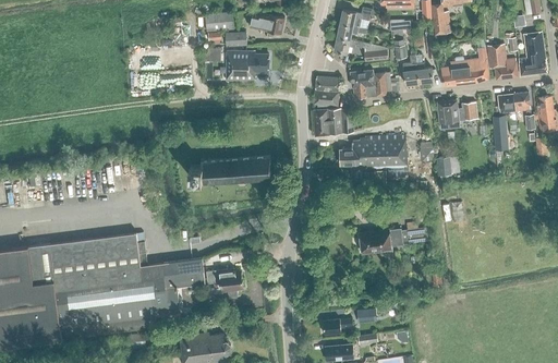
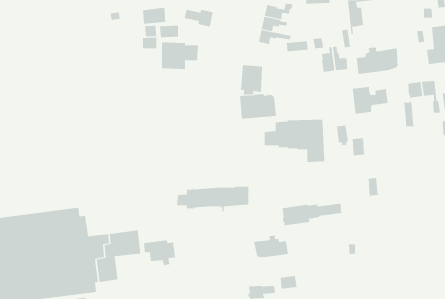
building: [487,45,518,80] -> none
building: [350,69,391,98] -> none
building: [190,156,270,184] -> [176,186,249,212]
building: none -> [253,235,288,258]

